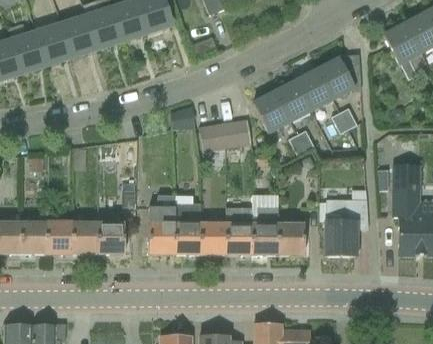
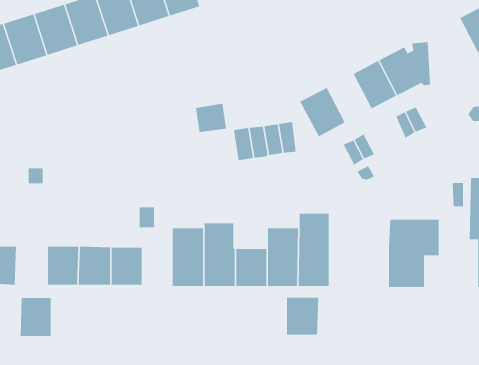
building: [276,80,312,120] -> none
building: [21,221,47,253] -> [20,297,52,336]
building: [278,223,305,254] -> [286,297,319,335]

